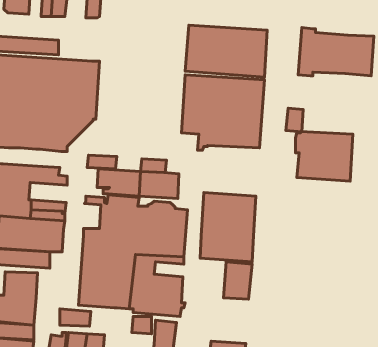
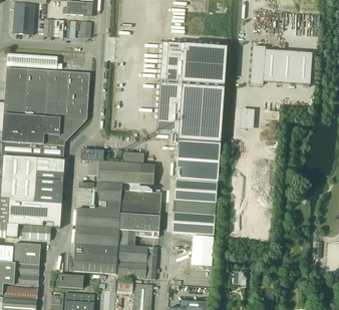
building: [296,132,353,181] -> [174,140,220,181]
building: none -> [33,171,64,187]

